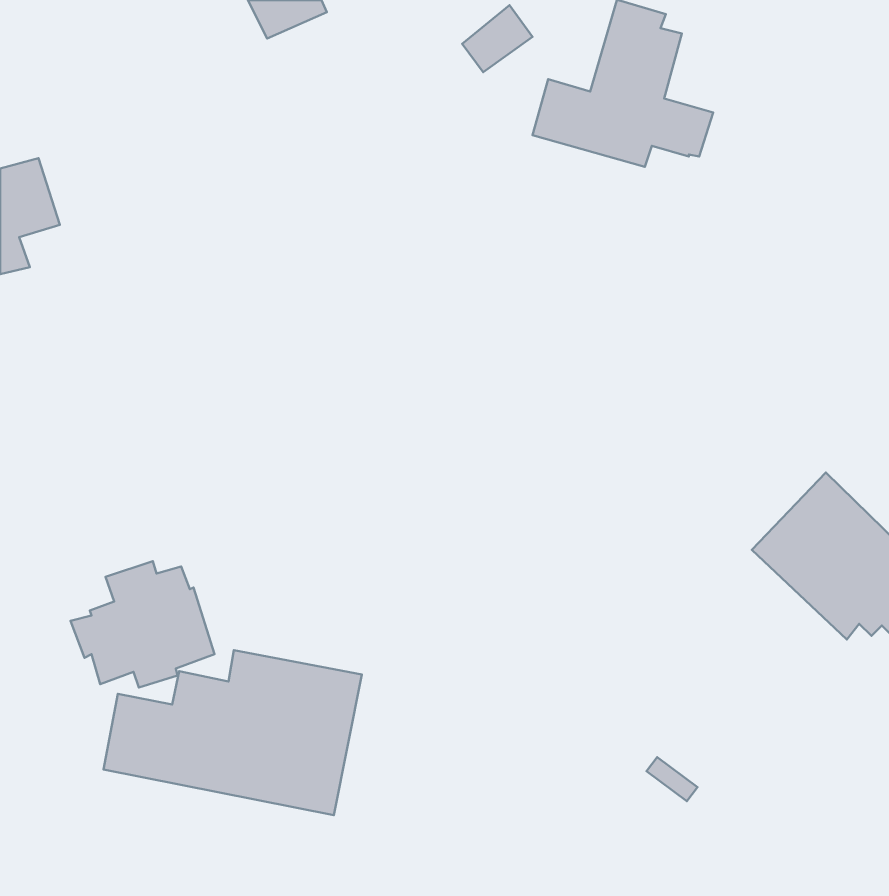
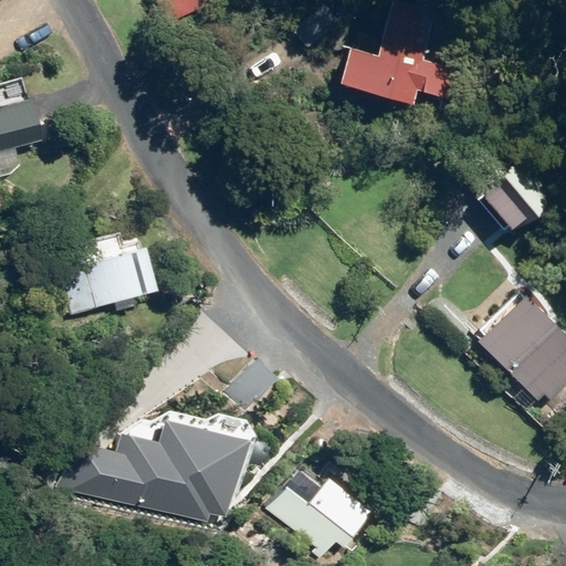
building: none -> [480,166,547,232]
building: [70,561,214,688] -> [67,233,158,313]
building: none -> [268,469,371,558]

